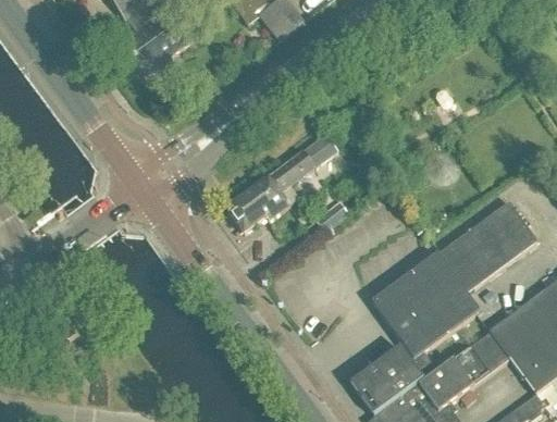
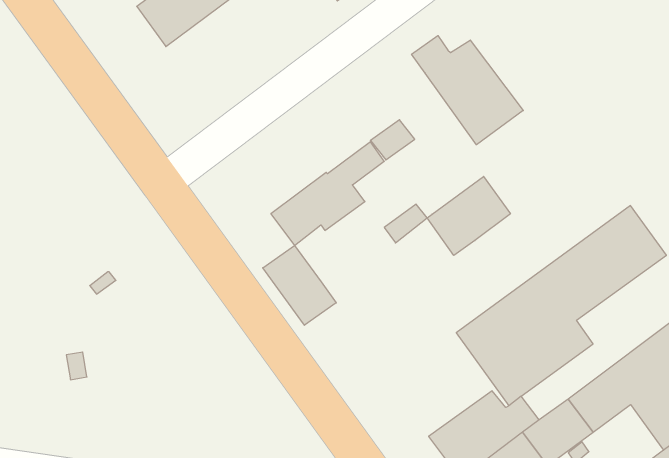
building: none -> [412,36,523,145]
building: none -> [427,176,510,255]
building: none -> [263,246,336,325]

